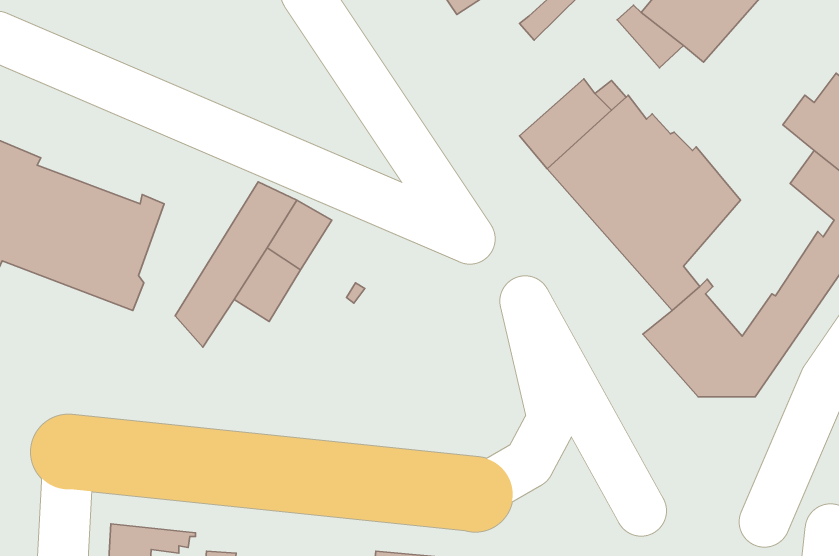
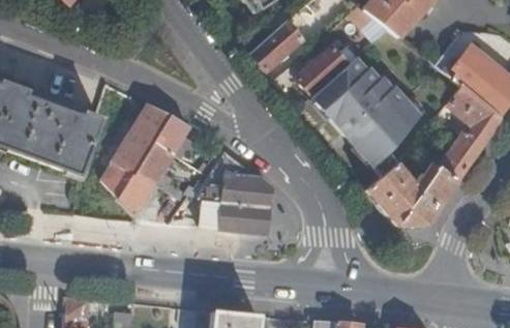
building: none -> [251,22,303,71]
building: none -> [189,150,270,233]
building: none -> [118,170,155,216]

